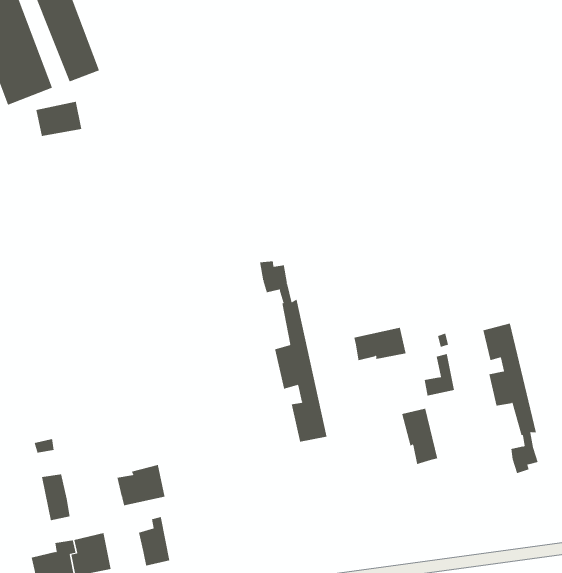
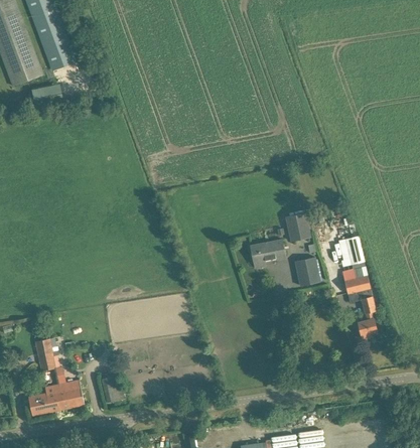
building: [260,260,327,442] -> none
building: none -> [285,212,310,242]
building: [402,408,438,465] -> none
building: [117,464,165,506] -> none

